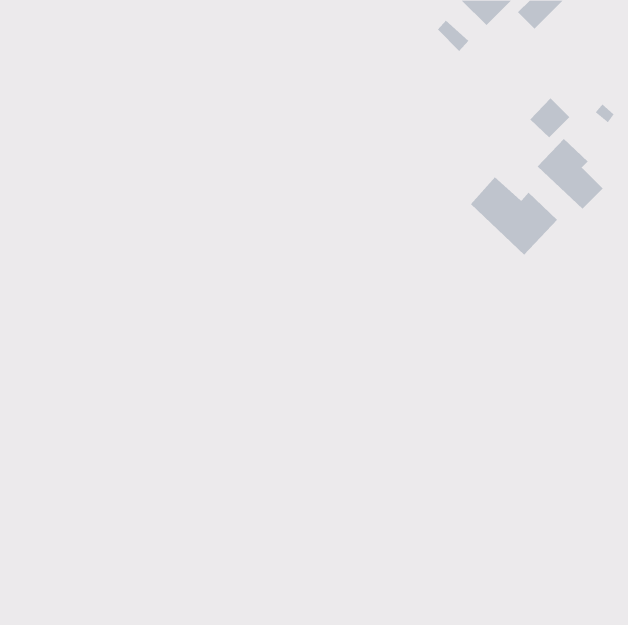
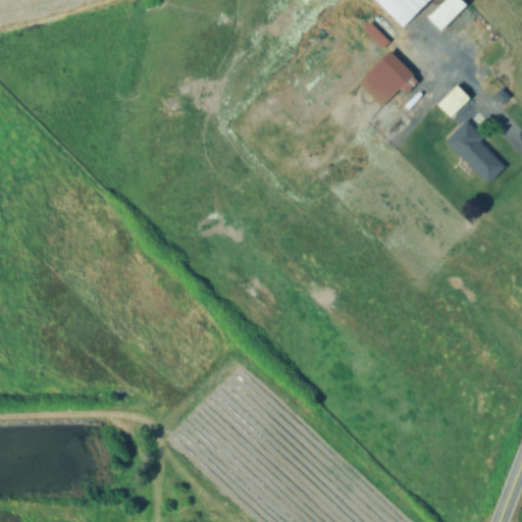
building: none -> [356,50,420,109]
building: [470,177,558,256] -> none

